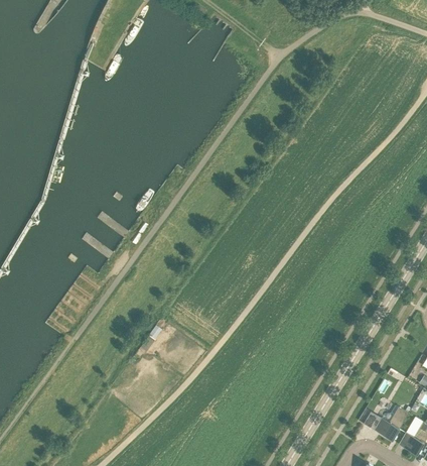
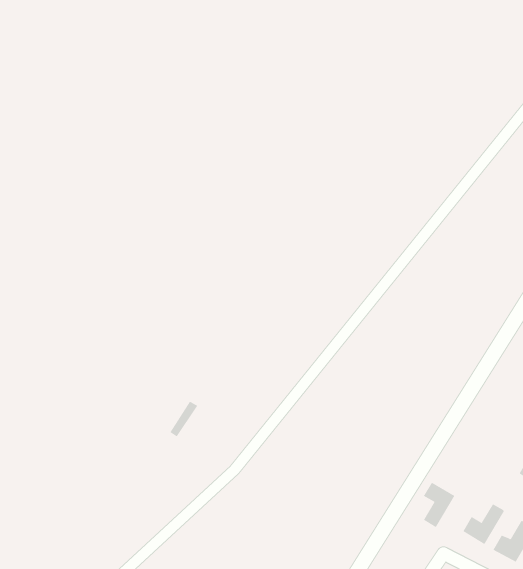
building: none -> [423,482,455,528]

